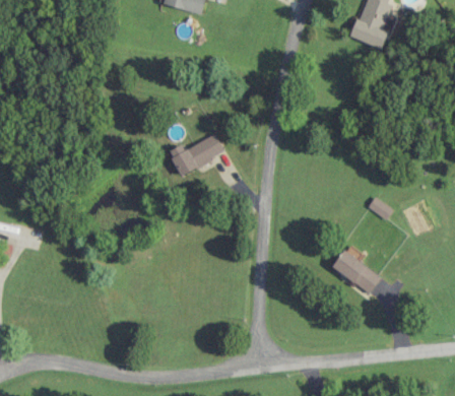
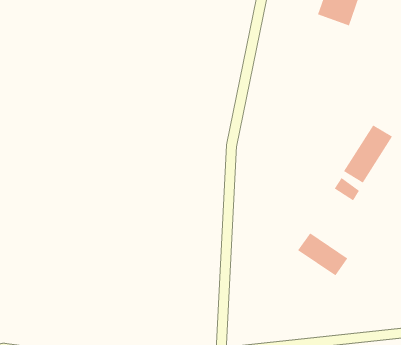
building: [170,134,225,174] -> none
building: none -> [343,124,393,183]

